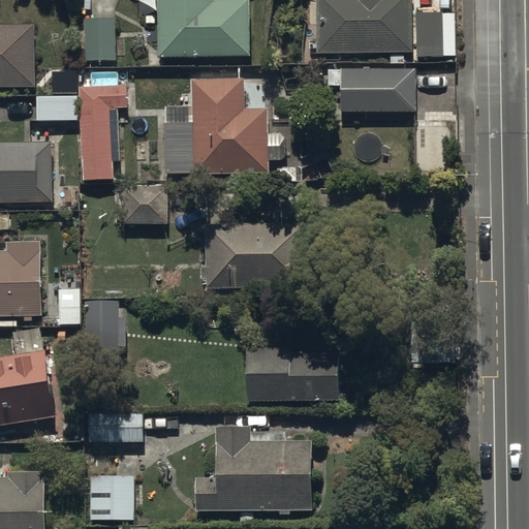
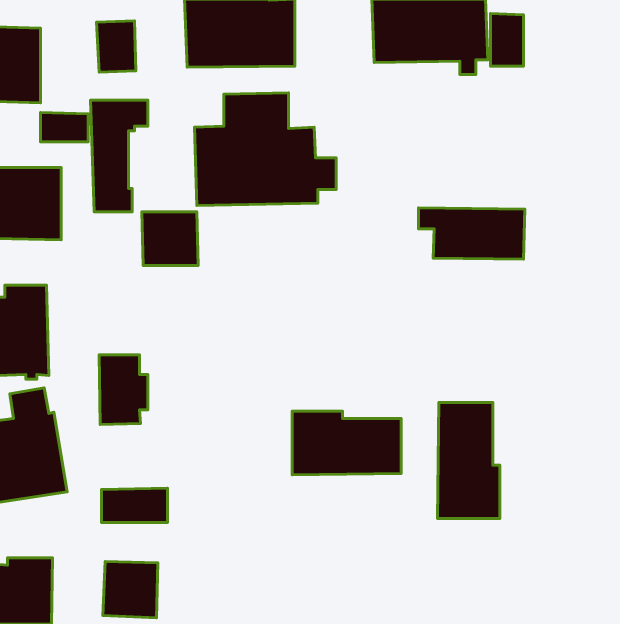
building: [325,68,415,112] -> [418,208,525,259]
building: [206,223,311,287] -> none
building: none -> [438,403,500,519]
building: [194,425,311,515] -> none

